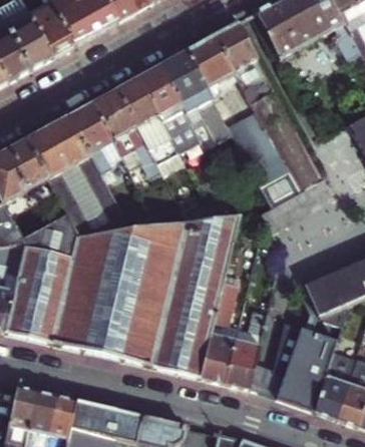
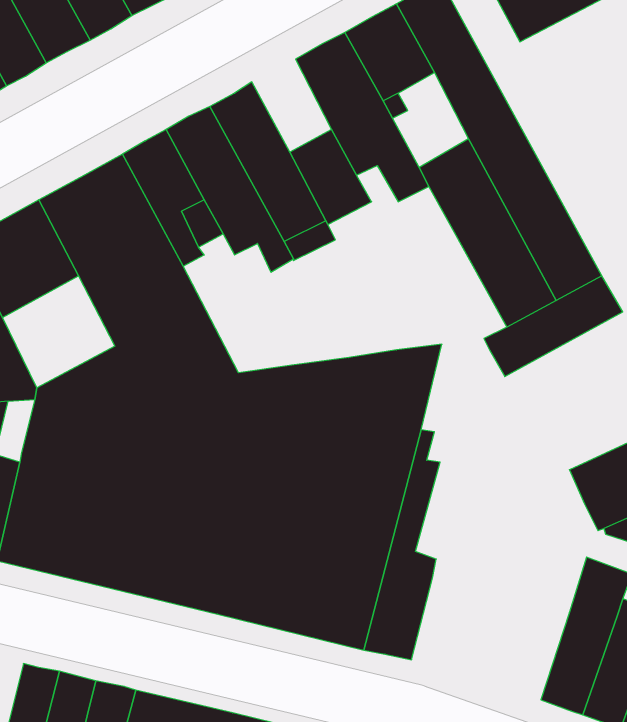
building: [138,65,180,114] -> none
building: [223,289,271,388] -> none
building: [273,318,315,403] -> none

